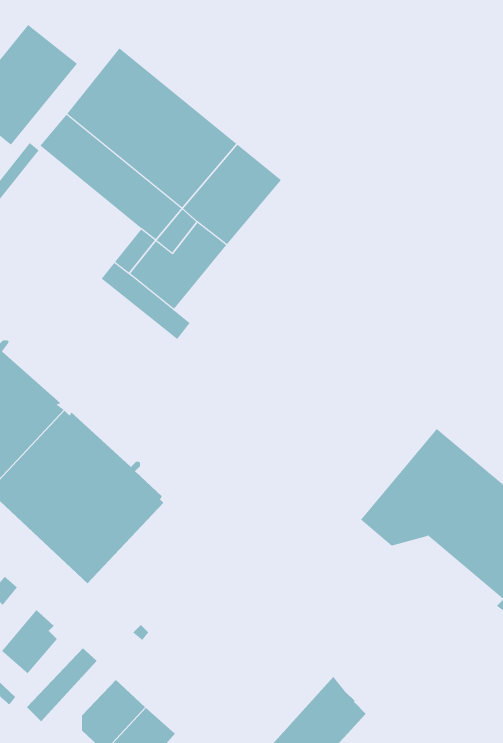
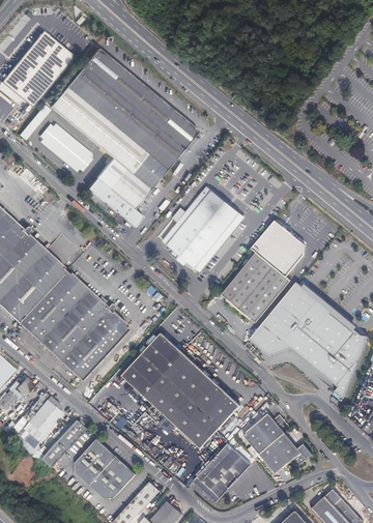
building: none -> [40,123,93,171]
building: none -> [164,186,245,271]
building: none -> [223,221,305,322]
building: none -> [124,331,241,446]
building: none -> [241,411,310,471]

